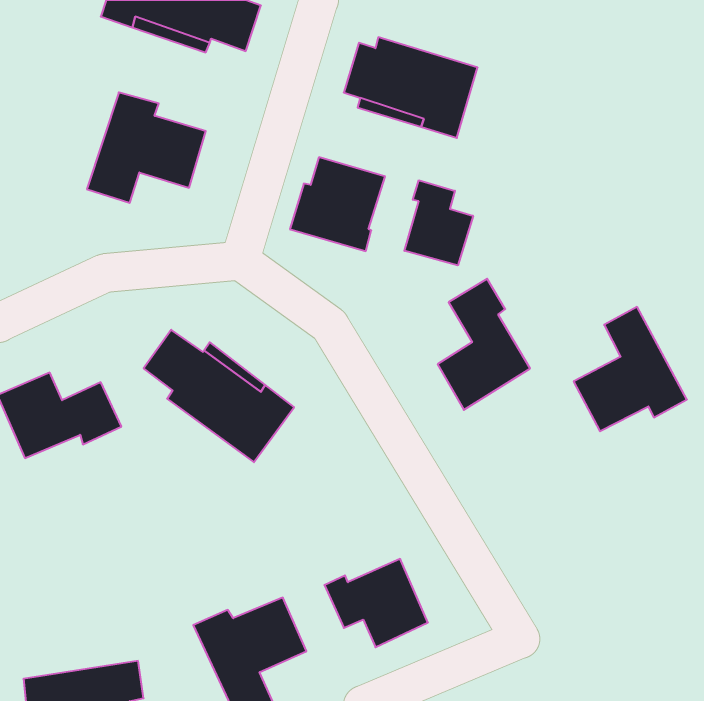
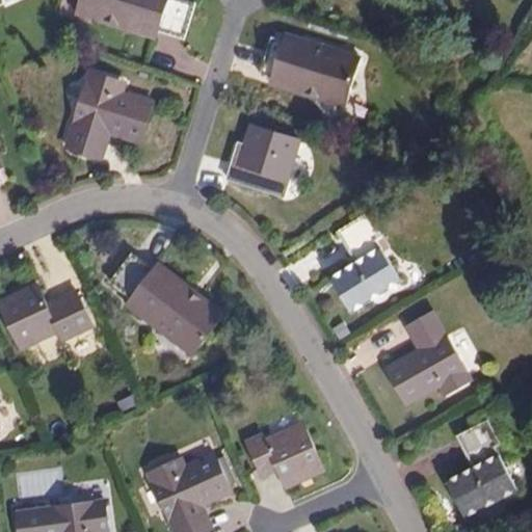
building: [404,180,473,265] -> none
building: [574,307,687,431] -> [385,312,471,405]
building: none -> [447,418,516,512]

